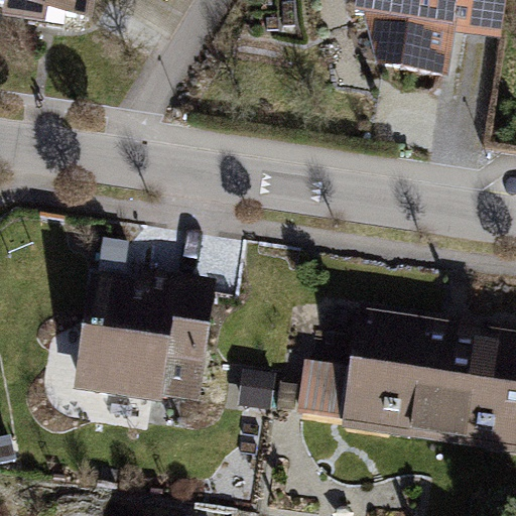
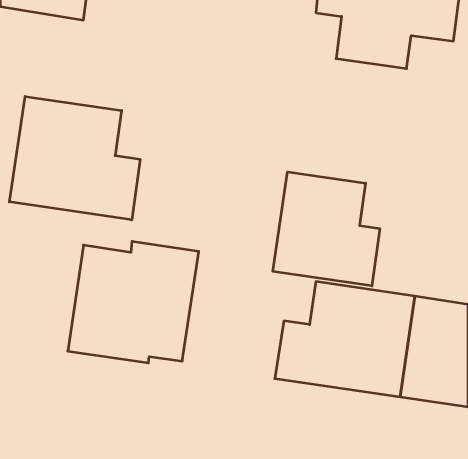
building: none -> [9,96,140,220]
building: none -> [273,172,380,286]

